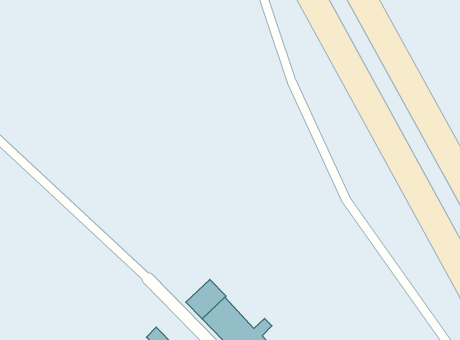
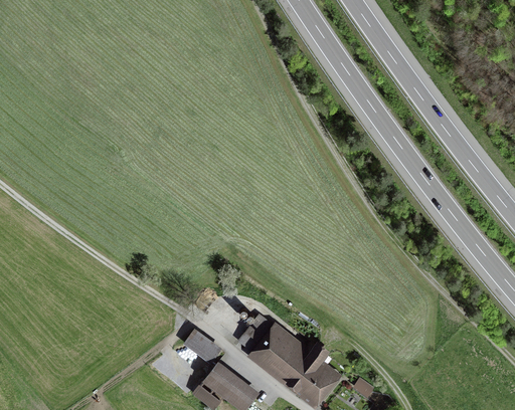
building: none -> [187,332,220,362]

